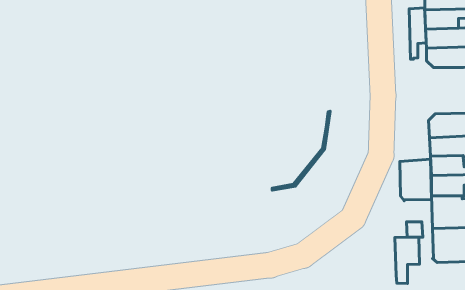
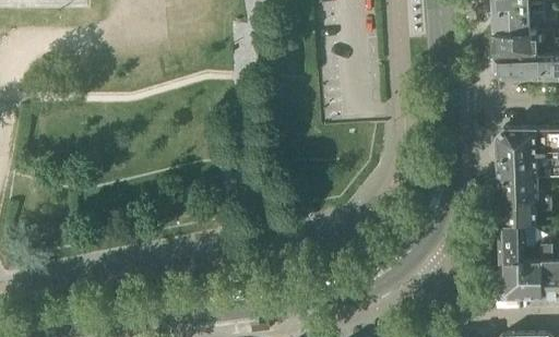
building: [409,8,426,59] -> none
building: [400,159,431,201] -> none
building: [395,237,419,284] -> none

